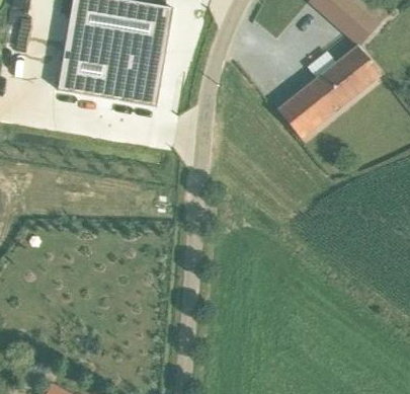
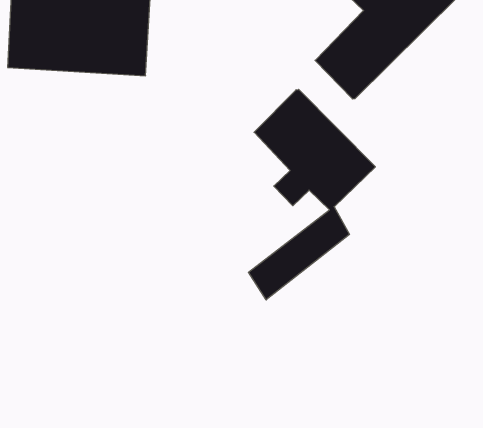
building: none -> [248,89,375,300]

